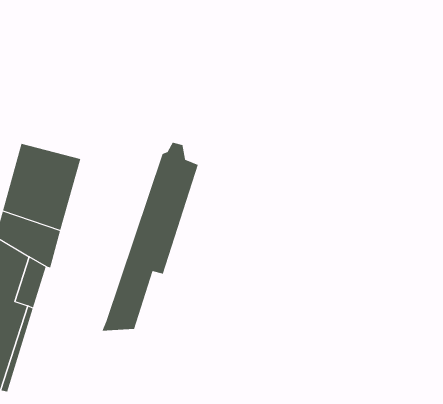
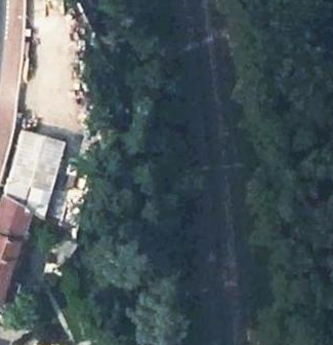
building: [101,142,198,332] -> none

